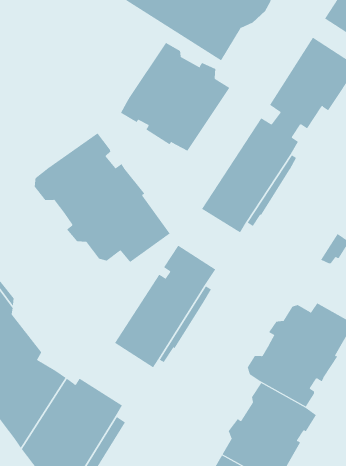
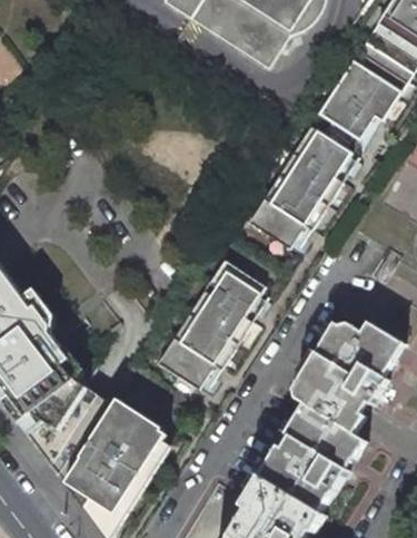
building: [120,42,230,151] -> none
building: [34,133,170,263] -> none

